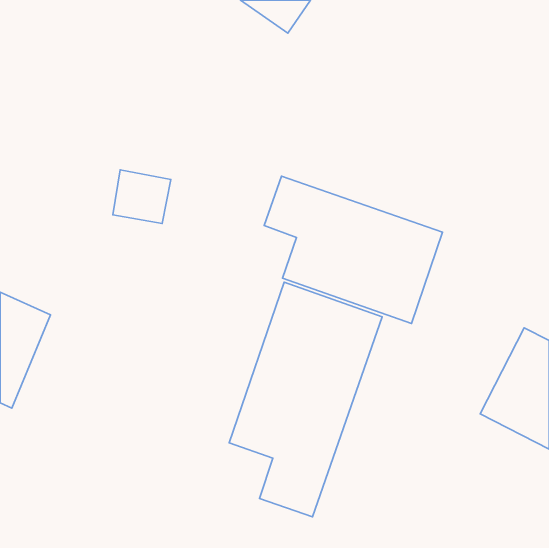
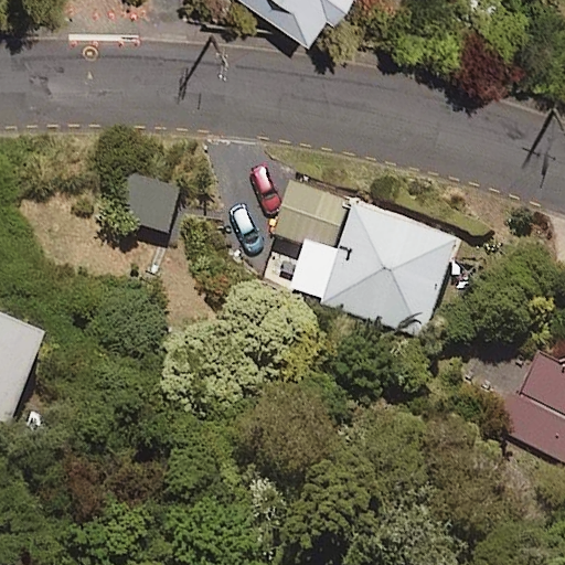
building: [229,282,382,517] -> none

